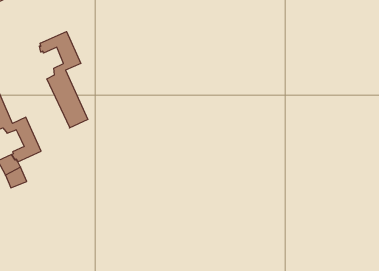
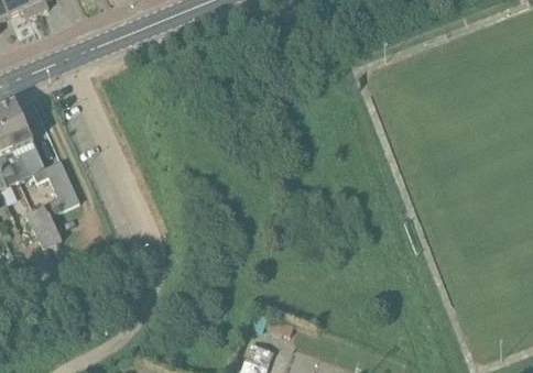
building: [39,32,88,128] -> none

